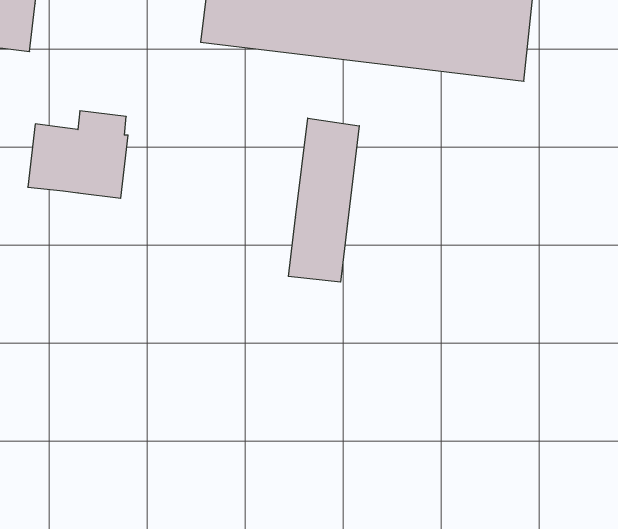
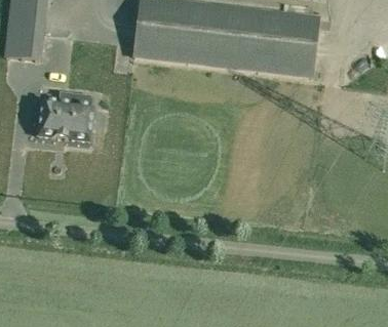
building: [288,118,359,282] -> none

